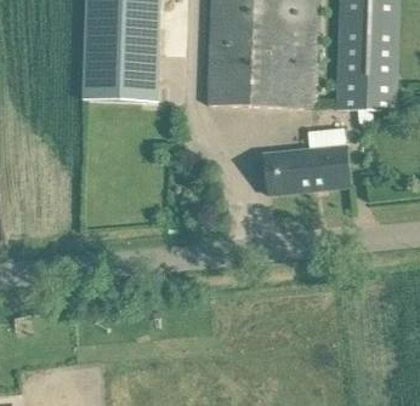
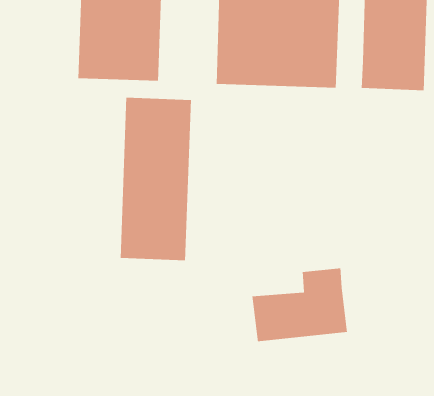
building: none -> [120,97,192,261]
building: [263,127,350,194] -> [252,268,348,342]

